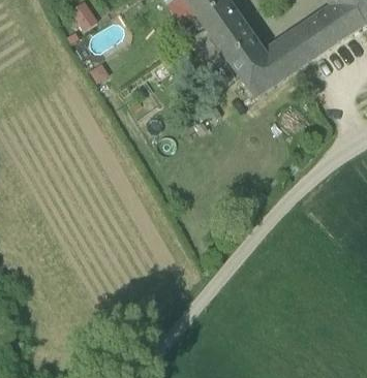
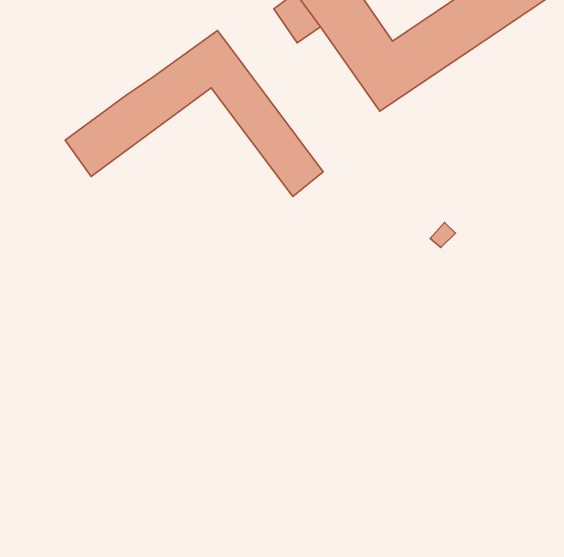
building: none -> [65,31,323,197]

